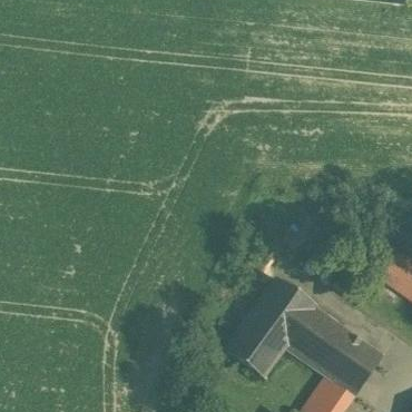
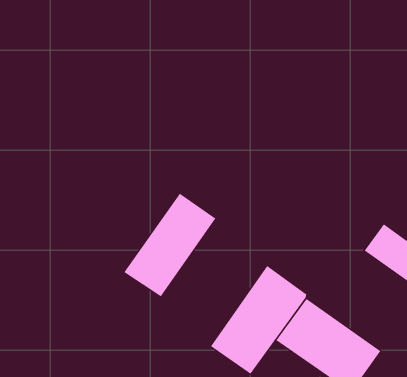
building: none -> [123,193,216,297]

